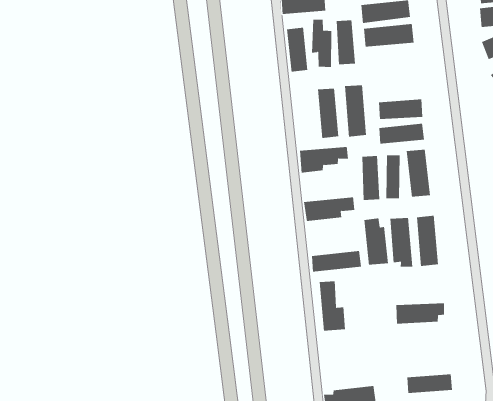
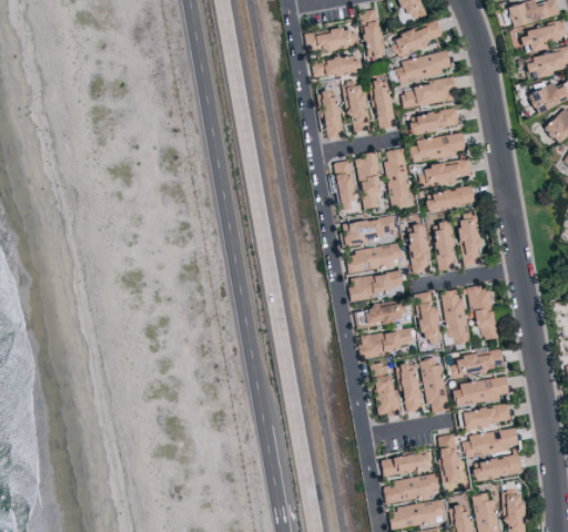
building: none -> [408,108,460,134]
building: none -> [410,133,466,161]
building: none -> [334,160,357,208]
building: none -> [347,242,405,273]
building: none -> [357,303,409,325]
building: none -> [454,349,506,376]
building: none -> [422,356,449,412]
building: none -> [397,362,424,412]
building: none -> [463,403,511,428]
building: none -> [464,428,519,462]
building: none -> [436,432,463,481]
building: none -> [382,453,429,473]

